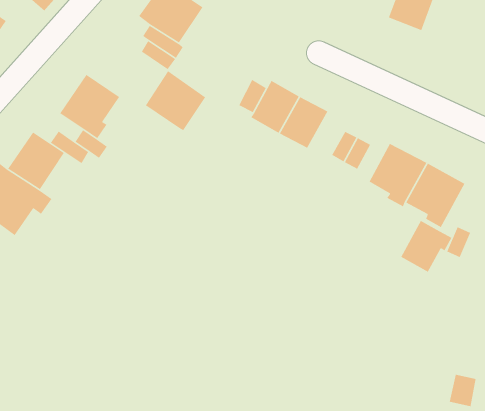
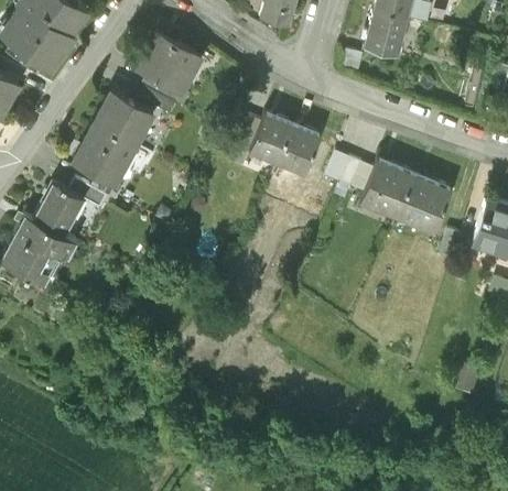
building: [145,70,206,131] -> [96,92,151,146]
building: [400,220,452,273] -> none

